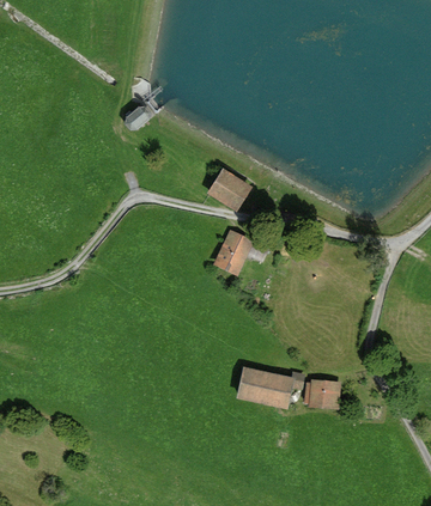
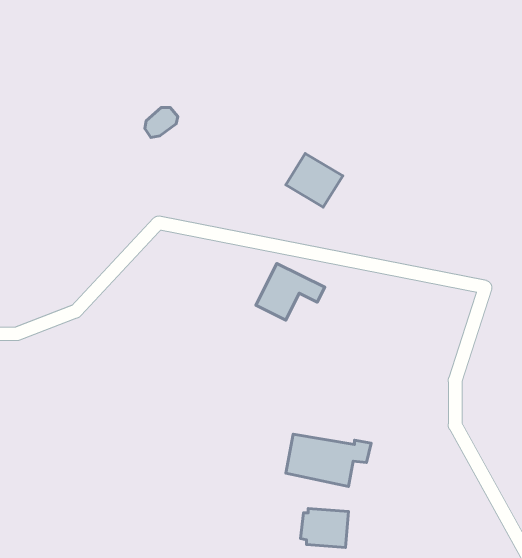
building: [207,167,253,211] -> [286,153,343,207]
building: [304,378,342,409] -> [301,508,349,547]

